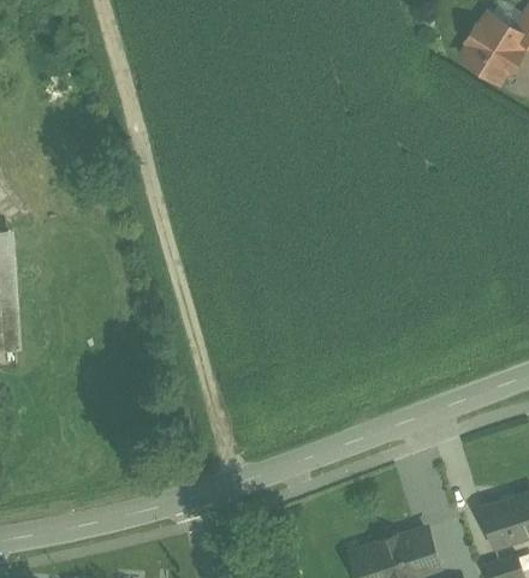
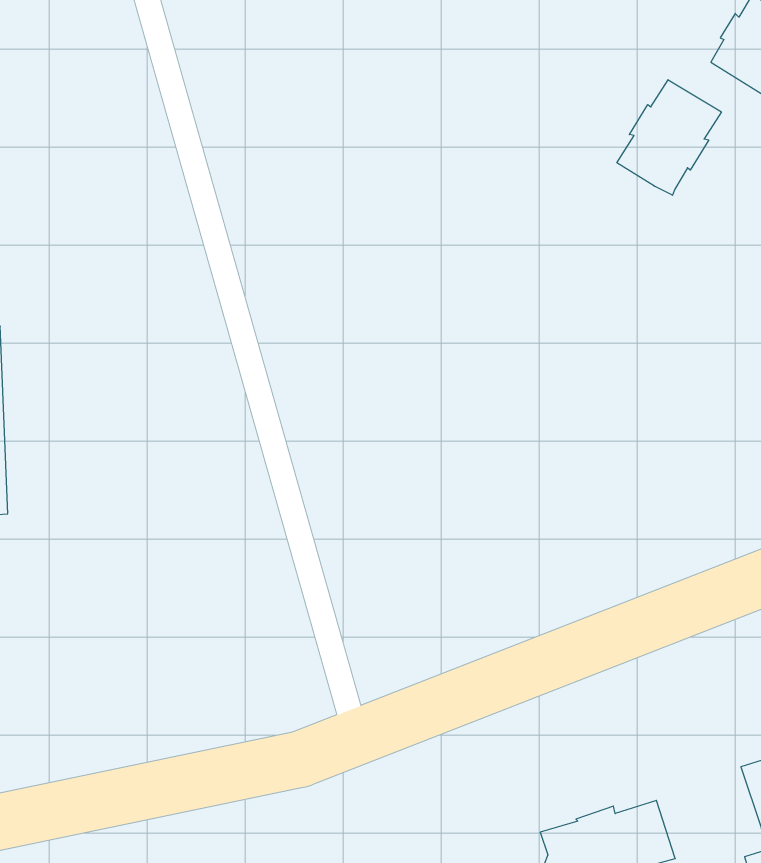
building: none -> [617,80,721,195]

